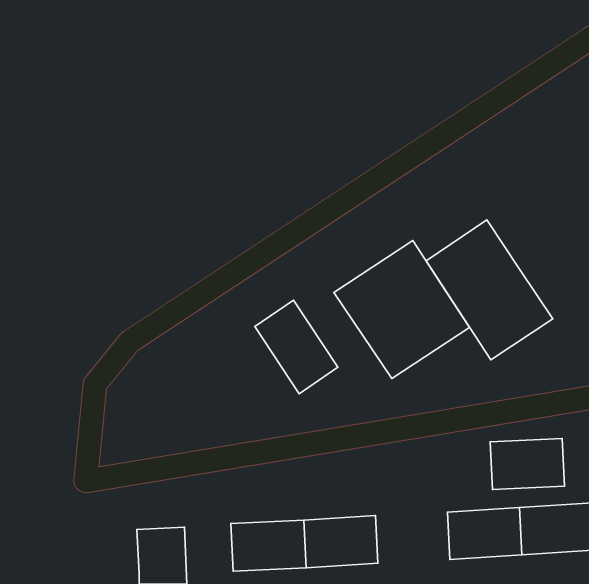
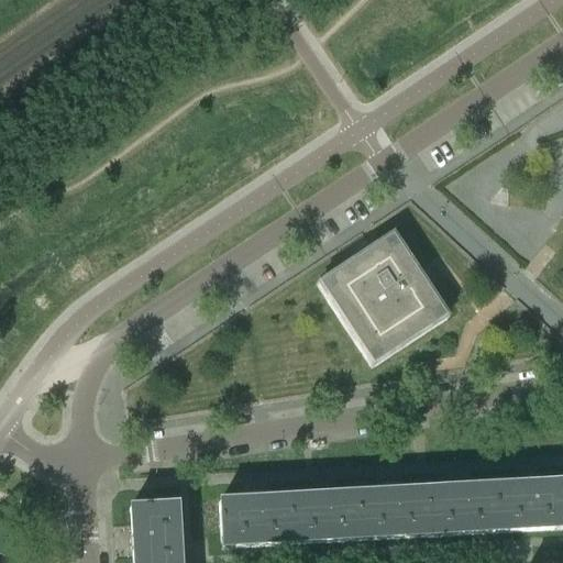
building: [426,220,553,360] -> none
building: [255,300,338,394] -> none
building: [490,438,564,490] -> [360,485,430,533]

